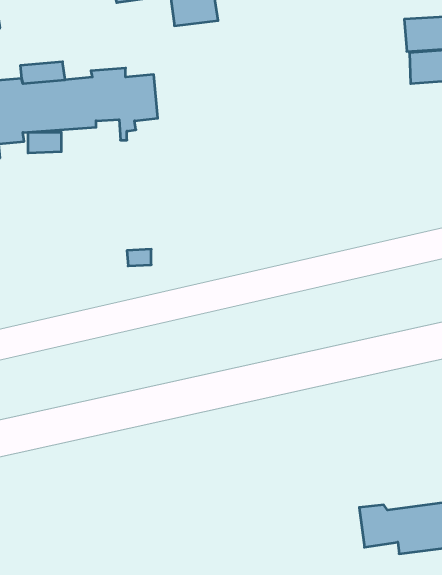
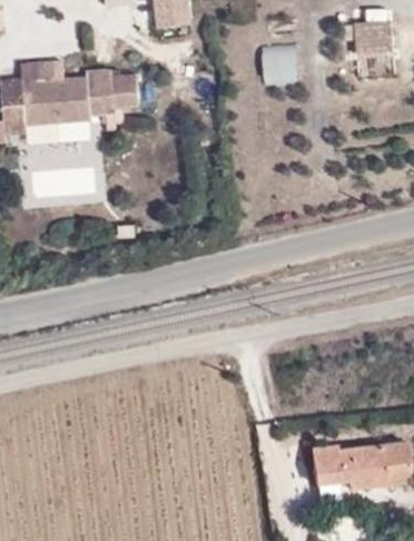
building: none -> [260,43,298,85]

